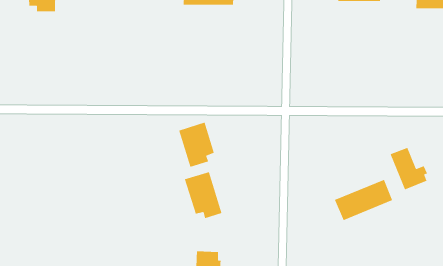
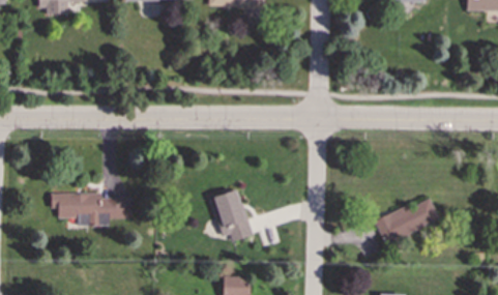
building: [178,121,215,168] -> none
building: [390,147,428,191] -> none
building: none -> [52,194,134,227]

